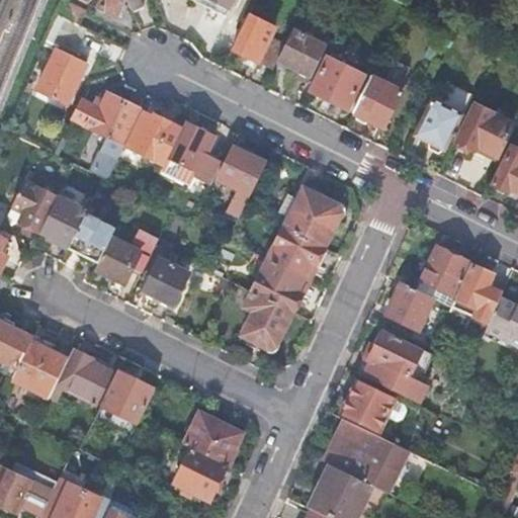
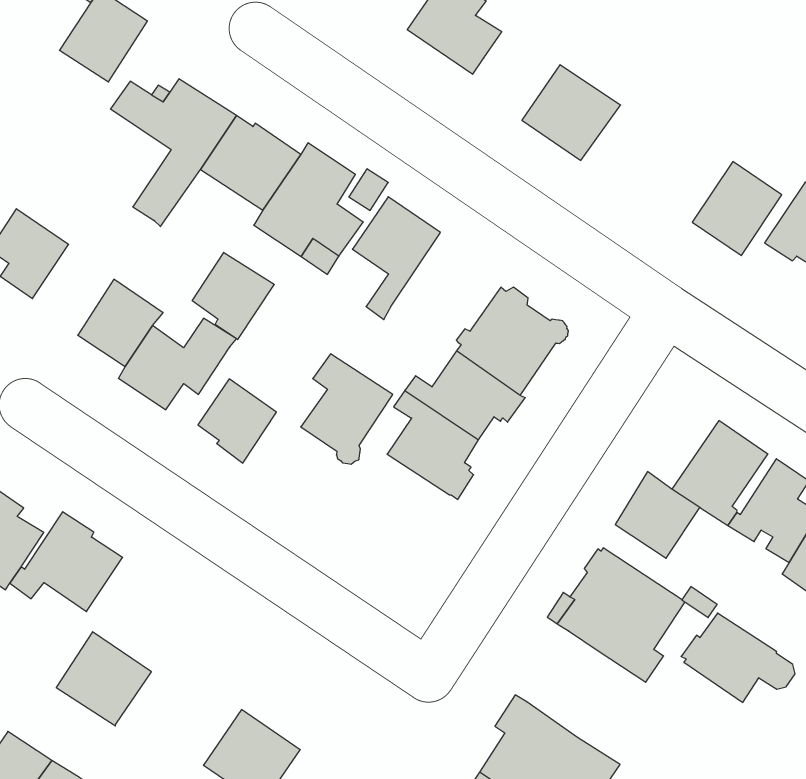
building: [278,27,327,79] -> none
building: [347,77,397,127] -> none
building: none -> [192,252,274,340]
building: [41,195,88,247] -> none
building: [243,290,292,351] -> [301,354,393,464]
building: [102,370,155,422] -> [56,632,151,726]
building: [342,380,408,429] -> [681,613,795,702]
building: [185,412,244,464] -> none

